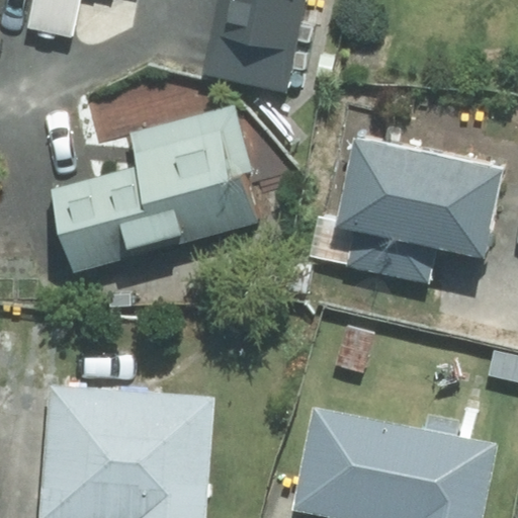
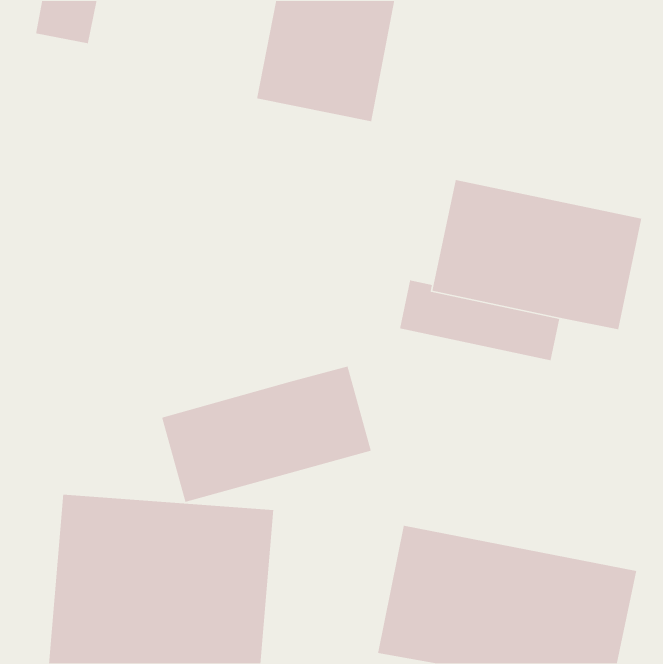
building: [55,102,253,271] -> none
building: none -> [161,365,372,503]

